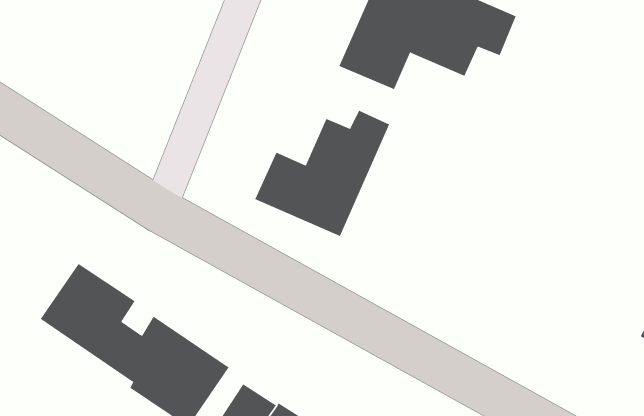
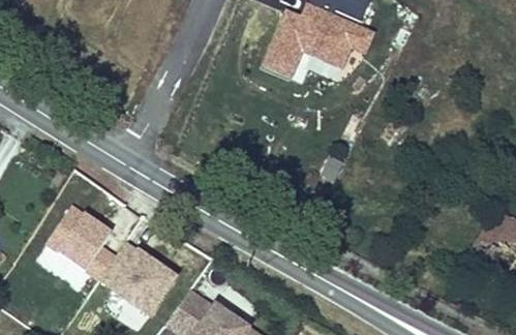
building: [255,110,390,237] -> none

